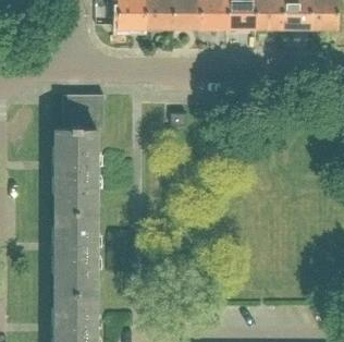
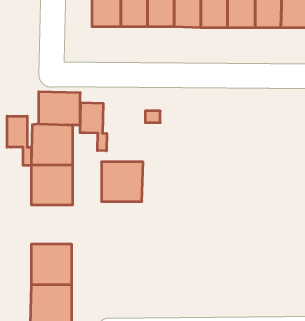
building: none -> [80,103,107,151]
building: none -> [7,116,31,165]
building: [54,210,97,251] -> [101,162,143,201]

